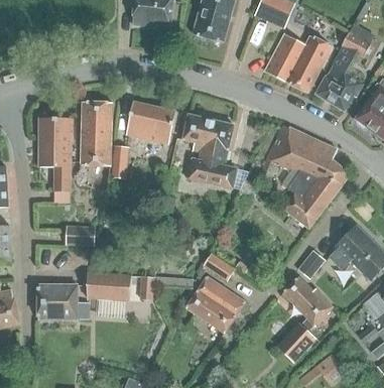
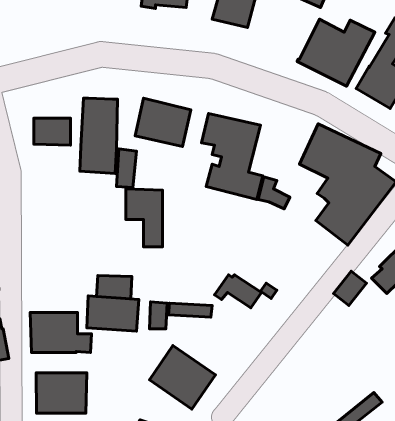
building: [40,141,72,190] -> [126,189,163,247]
building: [65,226,95,246] -> [97,275,132,299]
building: [187,277,244,332] -> [149,346,215,409]
building: [274,277,332,364] -> none
building: none -> [36,373,87,413]

